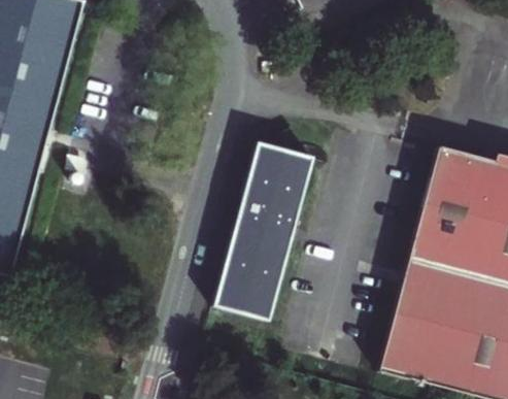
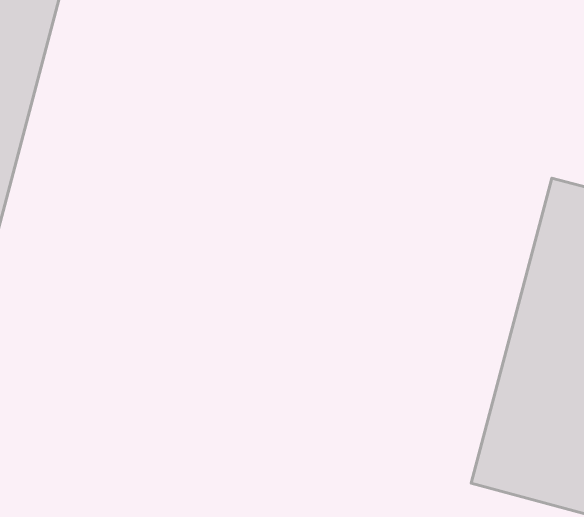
building: [212,141,312,321] -> none

